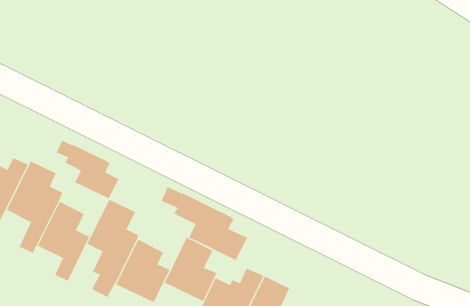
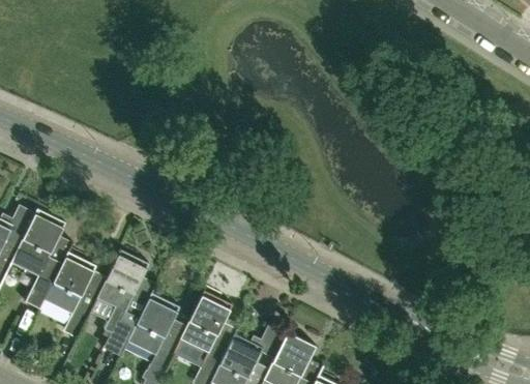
building: [56,140,119,199] -> none
building: [161,186,248,261] -> none

